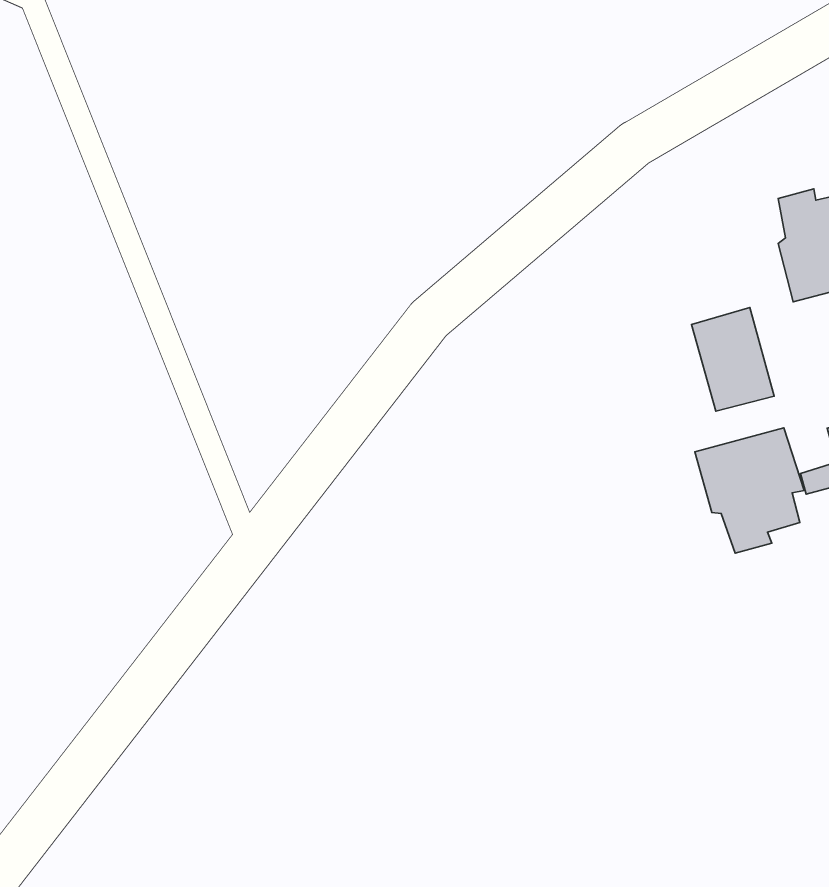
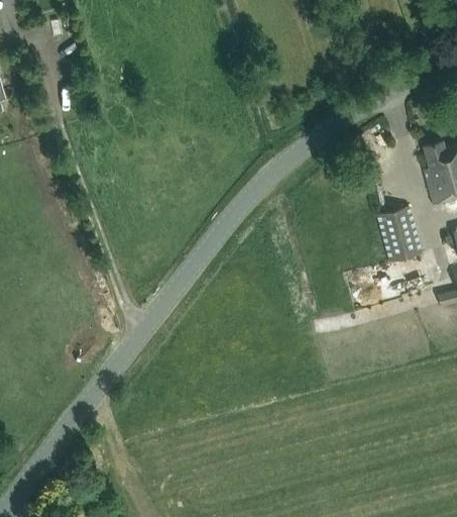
building: [695,428,804,553] -> none

